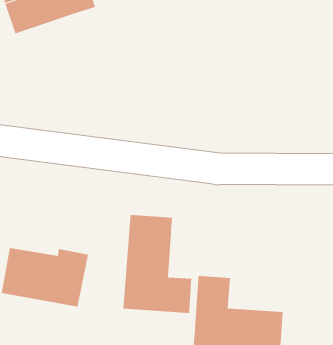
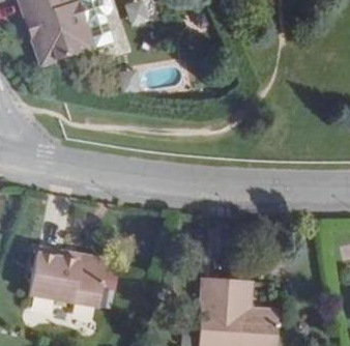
building: [123,214,192,314] -> none

